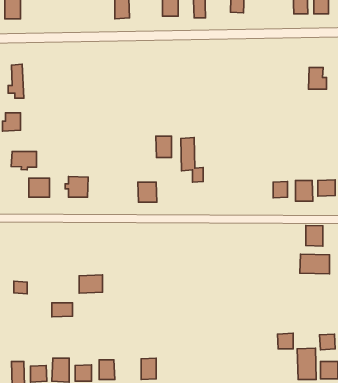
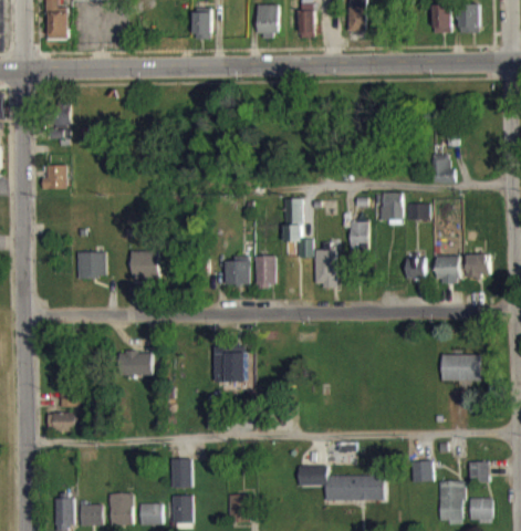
building: [308,68,327,89] -> [430,154,455,183]
building: none -> [377,192,402,220]
building: [156,136,171,158] -> [254,256,275,284]
building: [11,152,36,170] -> none
building: none -> [348,221,367,250]
building: none -> [314,248,337,287]
building: [306,225,323,246] -> none
building: none -> [215,346,247,382]
building: [79,275,102,293] -> [119,351,150,375]
building: [52,303,72,317] -> [46,413,74,431]
building: none -> [171,458,192,488]
building: none -> [299,465,385,500]

